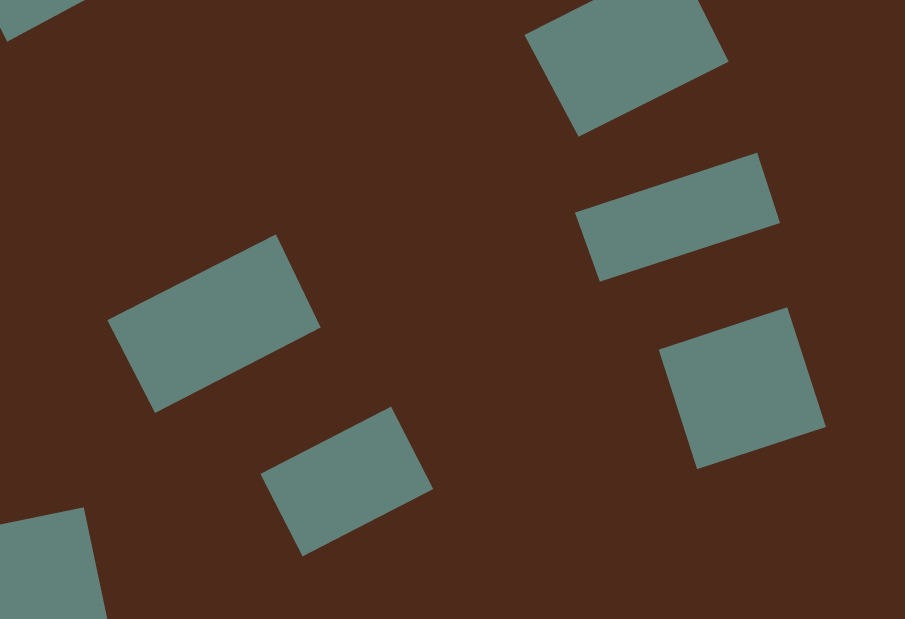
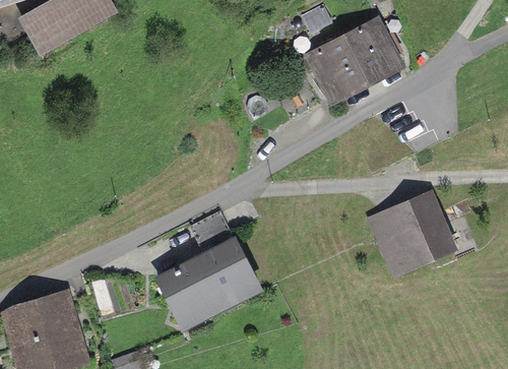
building: [574,152,781,282] -> none
building: [107,233,322,414] -> none

